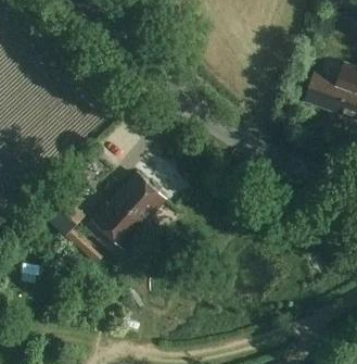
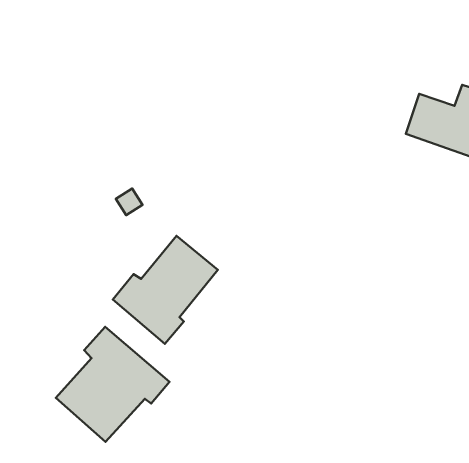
building: none -> [56,327,169,442]

